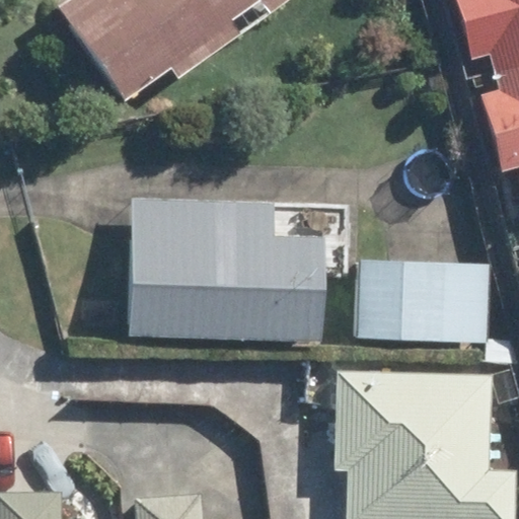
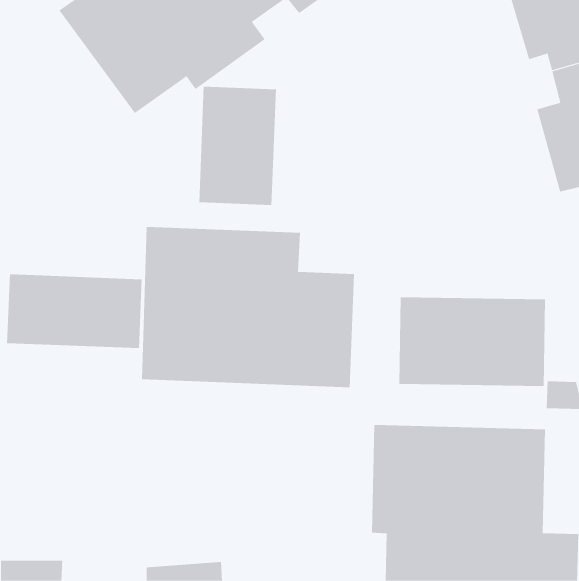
building: none -> [199,86,276,206]
building: none -> [7,274,142,349]

